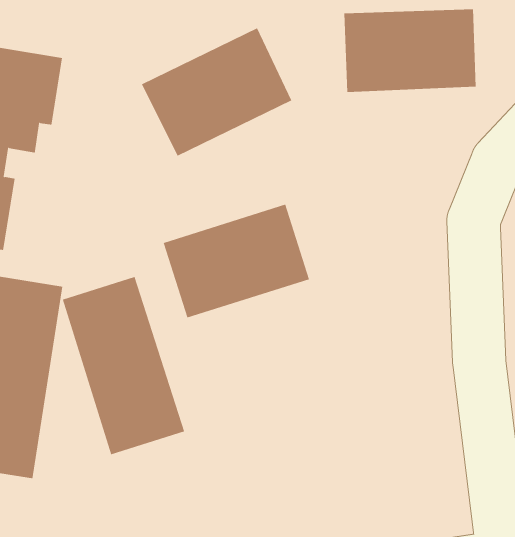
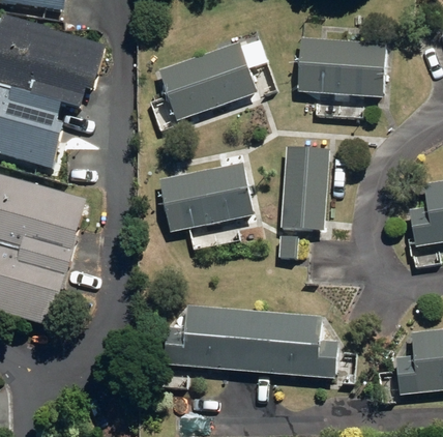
building: none -> [279,147,331,230]
building: [62,276,185,455] -> none
building: none -> [163,303,337,379]

